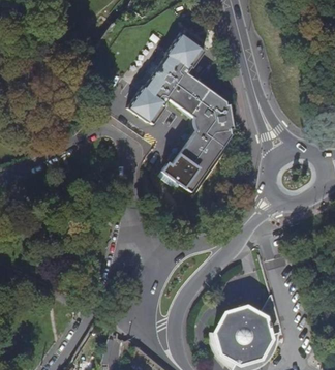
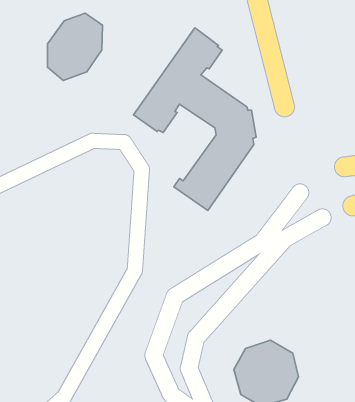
building: none -> [47,13,102,80]

